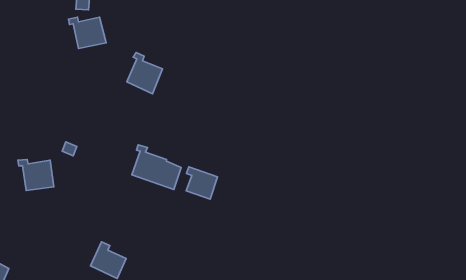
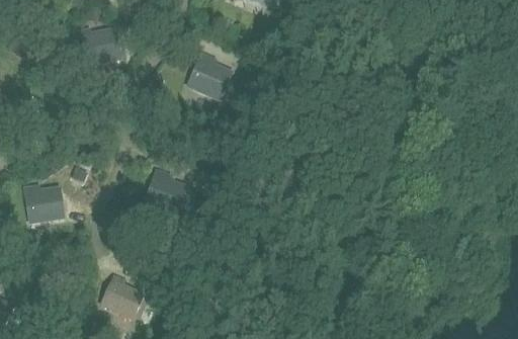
building: [127,52,163,94] -> [191,53,231,98]
building: [186,167,218,199] -> none

